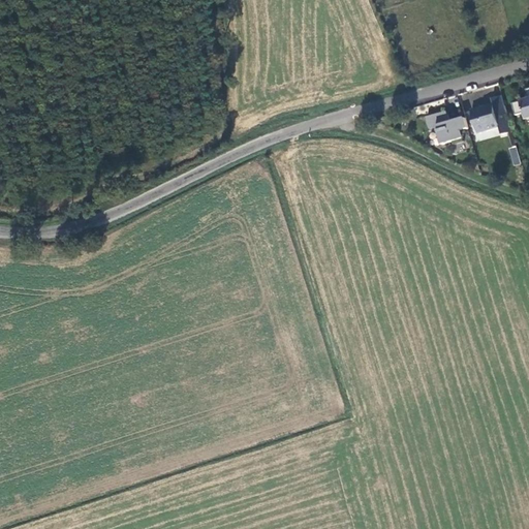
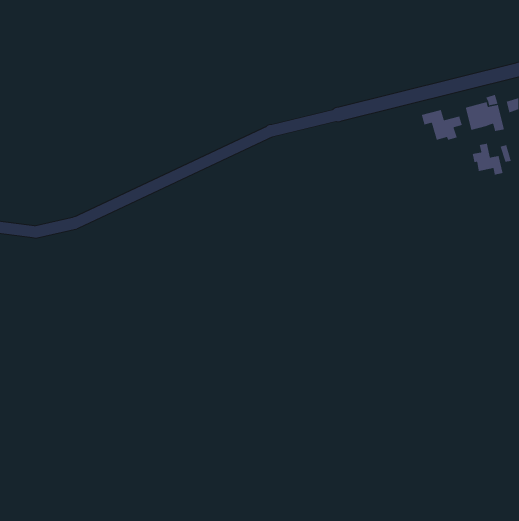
building: none -> [472,143,504,175]

